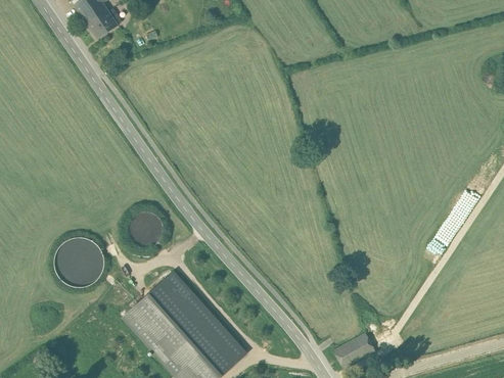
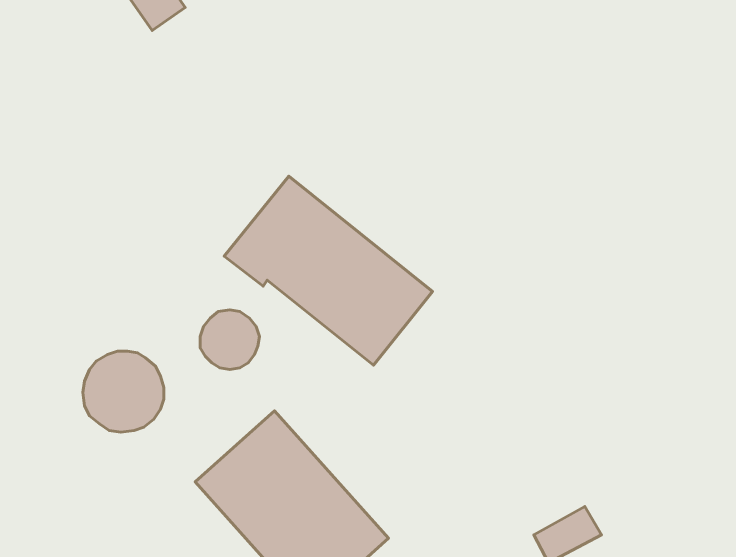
building: none -> [224,176,433,365]

